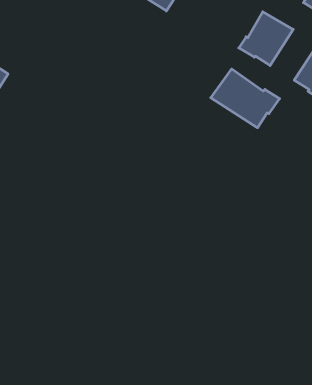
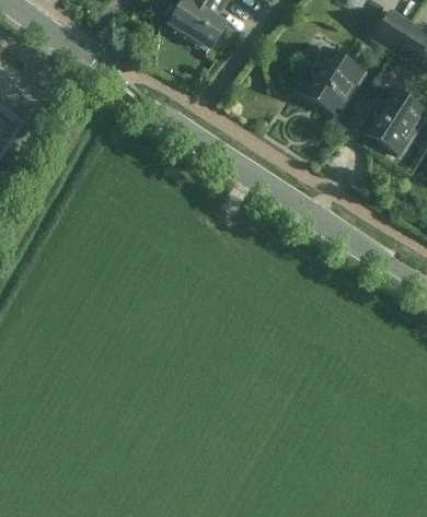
building: [211,69,280,128] -> none

